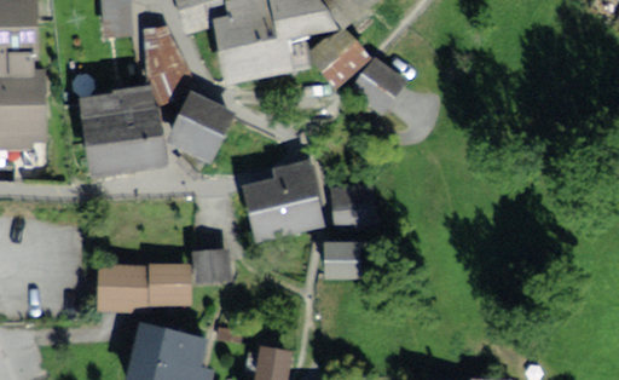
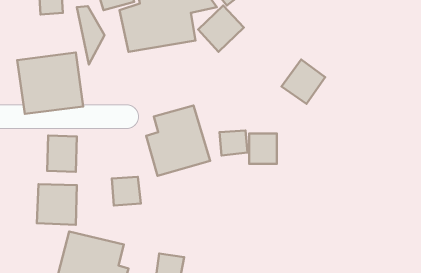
building: [353,56,410,114] -> [282,59,325,104]
building: [167,92,233,161] -> none
building: [330,240,366,280] -> [249,133,277,164]
building: [156,258,195,305] -> [47,136,77,172]

